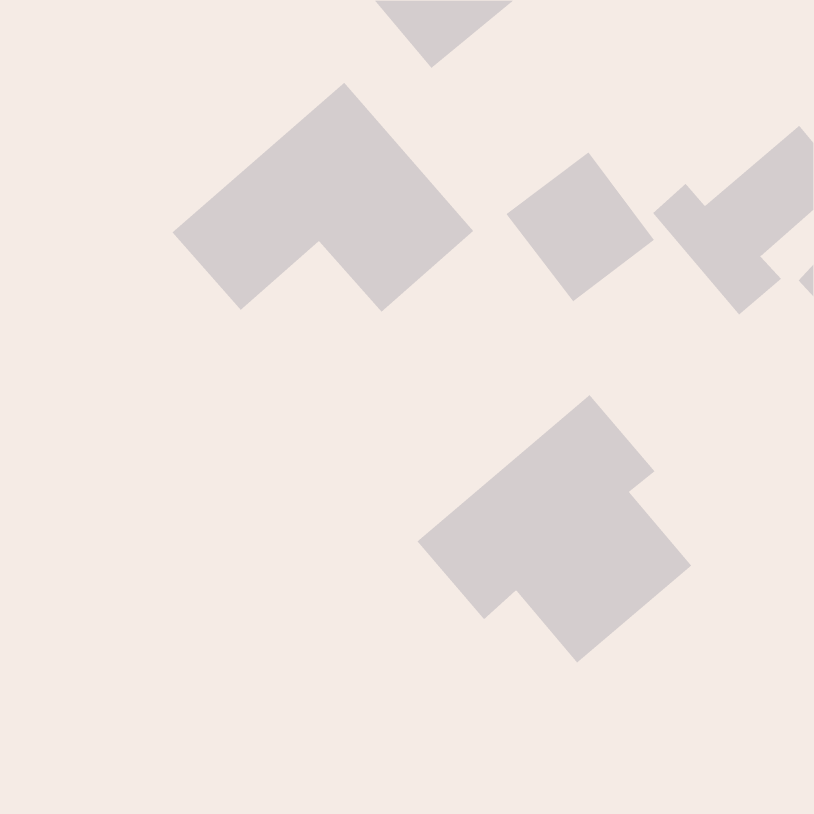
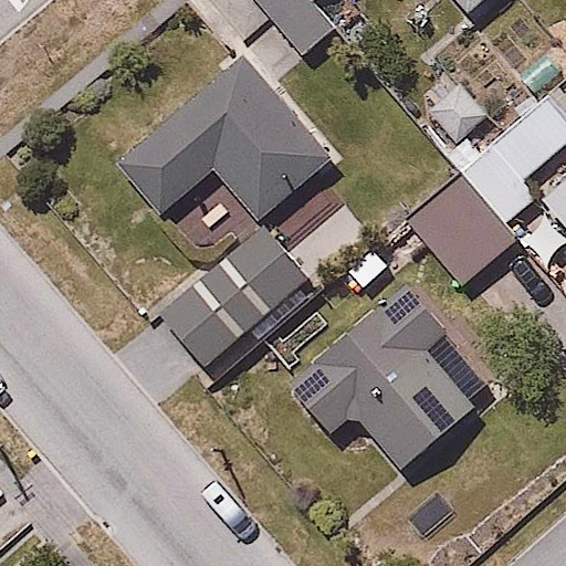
building: [506,152,655,302] -> [413,180,516,284]
building: none -> [165,233,306,368]

